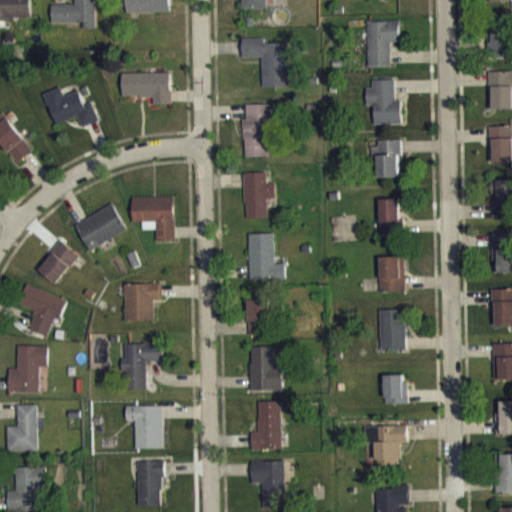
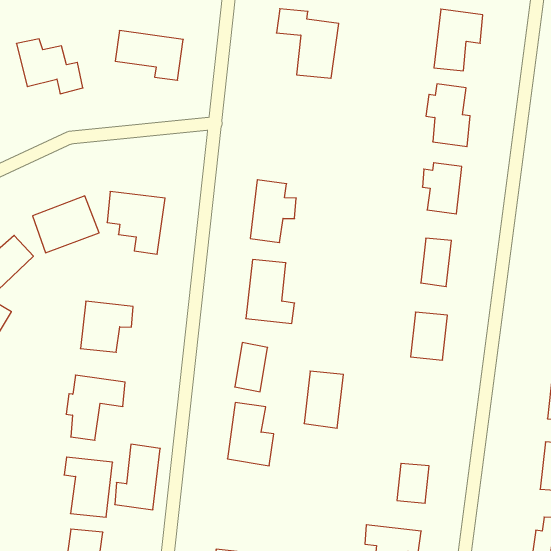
building: [242,104,270,157] -> none
building: [378,308,405,350] -> [304,371,343,428]
building: [250,401,281,449] -> [115,444,160,510]

